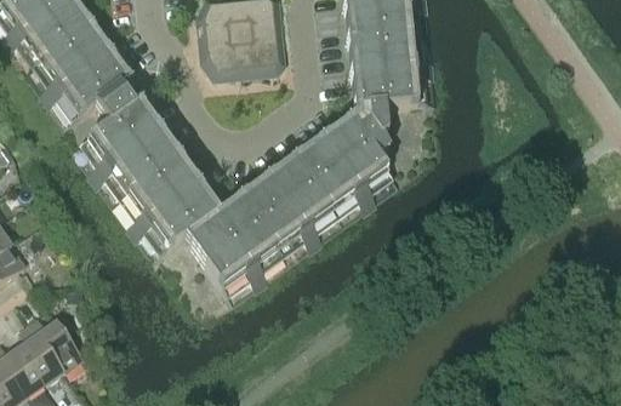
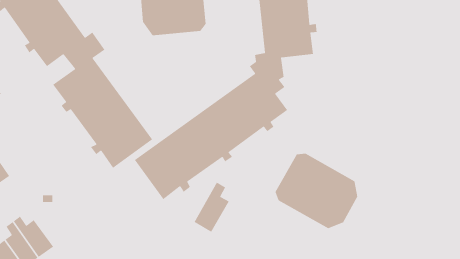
building: none -> [275,153,358,229]
building: none -> [193,181,230,233]

